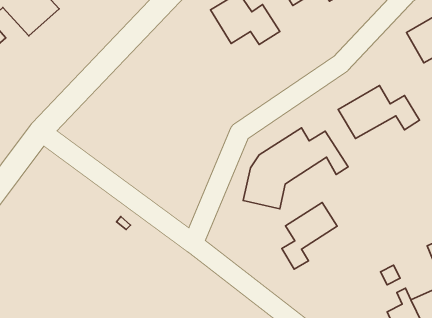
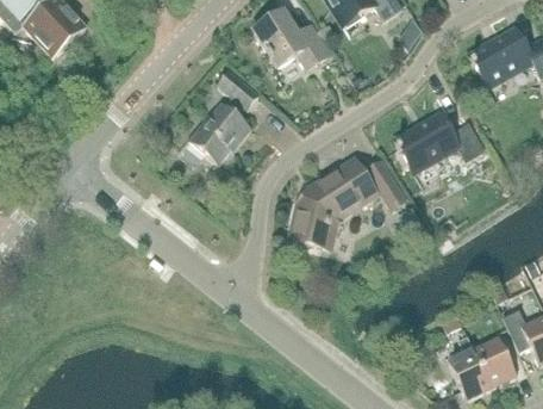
building: none -> [189,70,258,163]
building: [282,202,337,269] -> none

